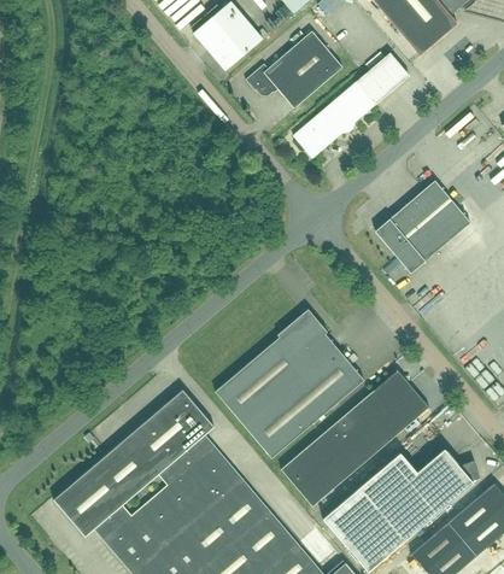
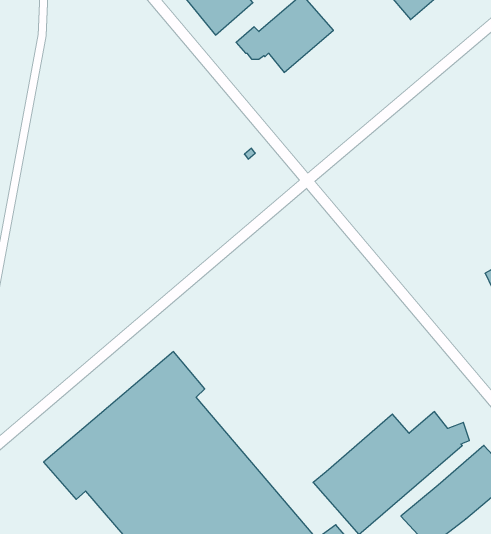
building: [293,53,410,158] -> none
building: [376,181,470,273] -> none
building: [216,312,364,458] -> none
building: [280,369,429,505] -> none

